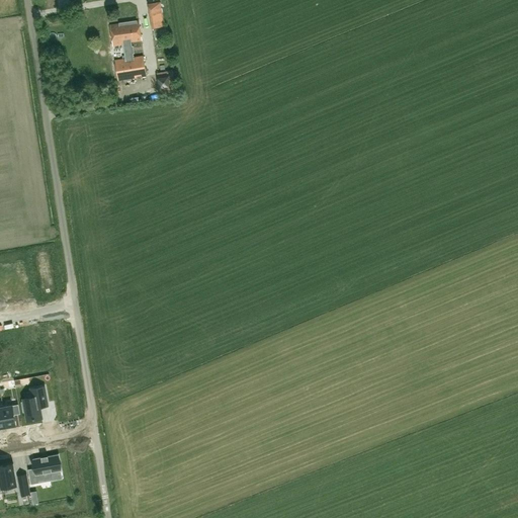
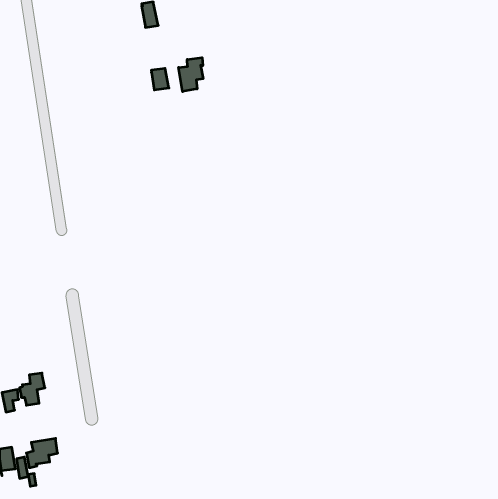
building: [109,21,140,47] -> none
building: [114,57,145,81] -> none
building: none -> [179,58,203,92]

